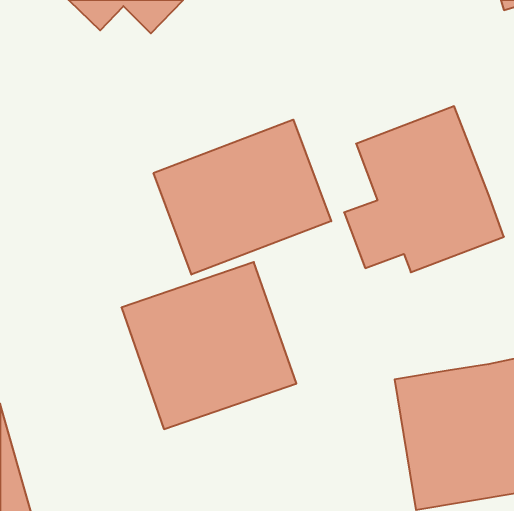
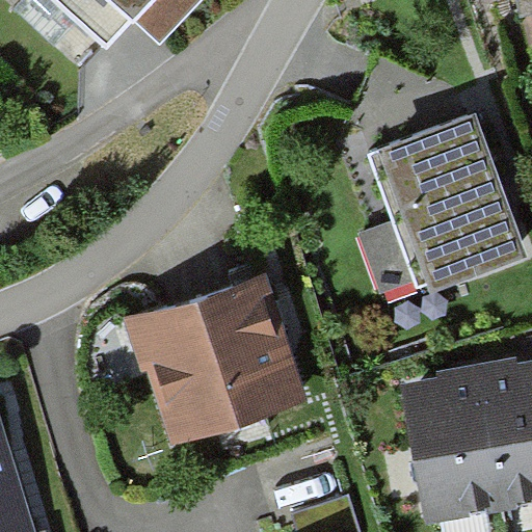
building: [154,120,331,275] -> none

